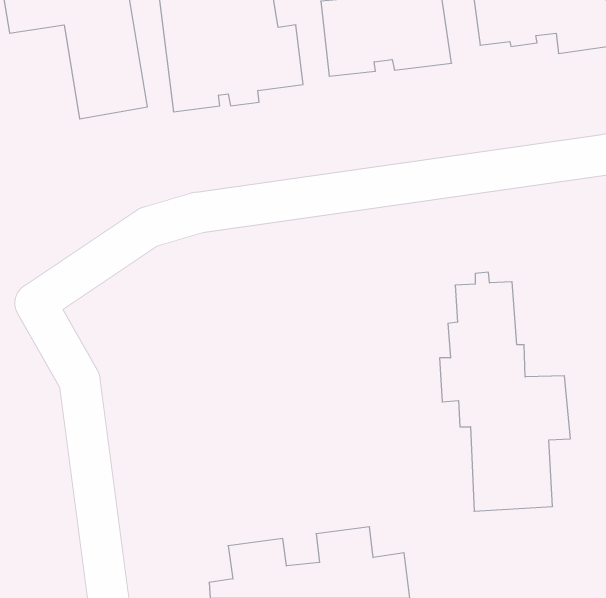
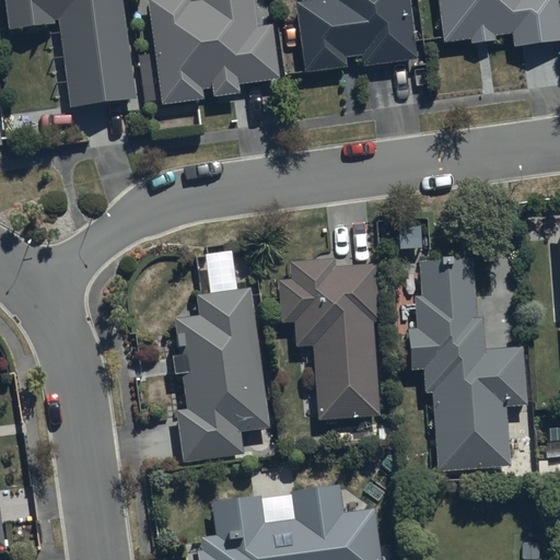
building: none -> [279,258,382,418]
building: none -> [173,285,269,464]

